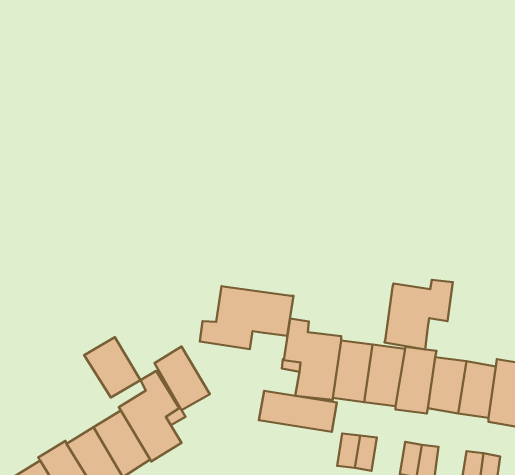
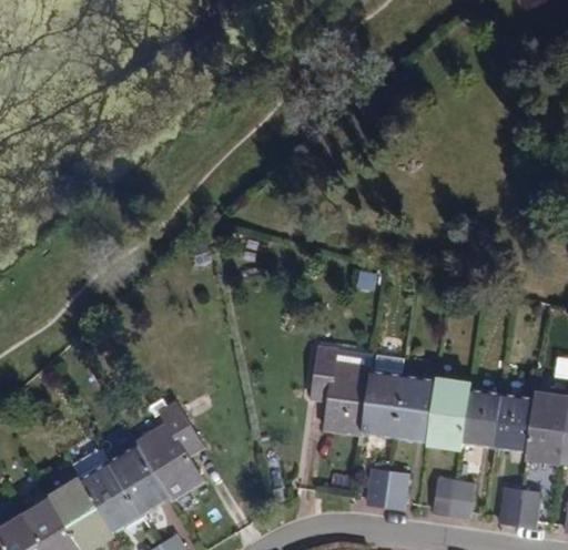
building: [384,280,453,349] -> none
building: [200,286,294,349] -> none
building: [84,337,141,398] -> none
building: [154,347,210,410] -> none
building: [259,391,337,432] -> none

